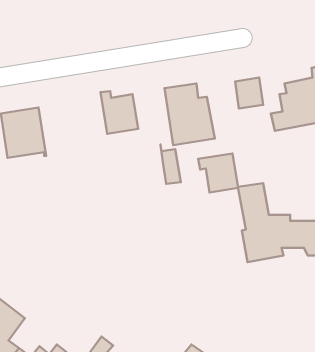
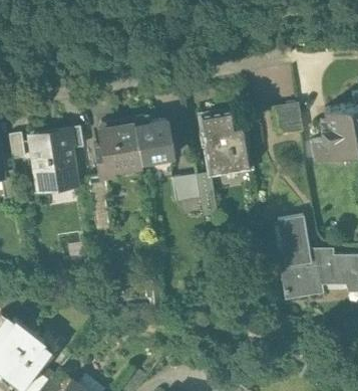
building: none -> [94,118,142,177]
building: none -> [172,174,200,200]
building: [198,153,238,192] -> none

